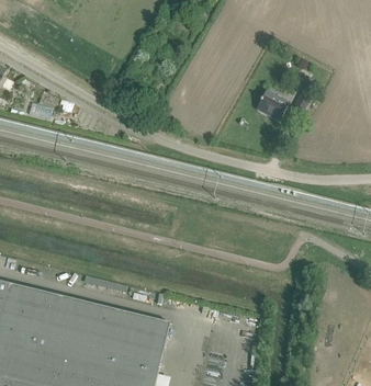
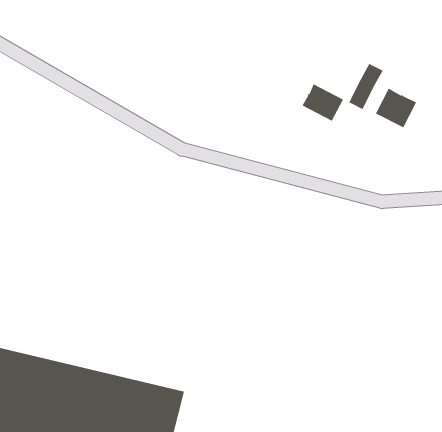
building: none -> [375,88,417,128]

